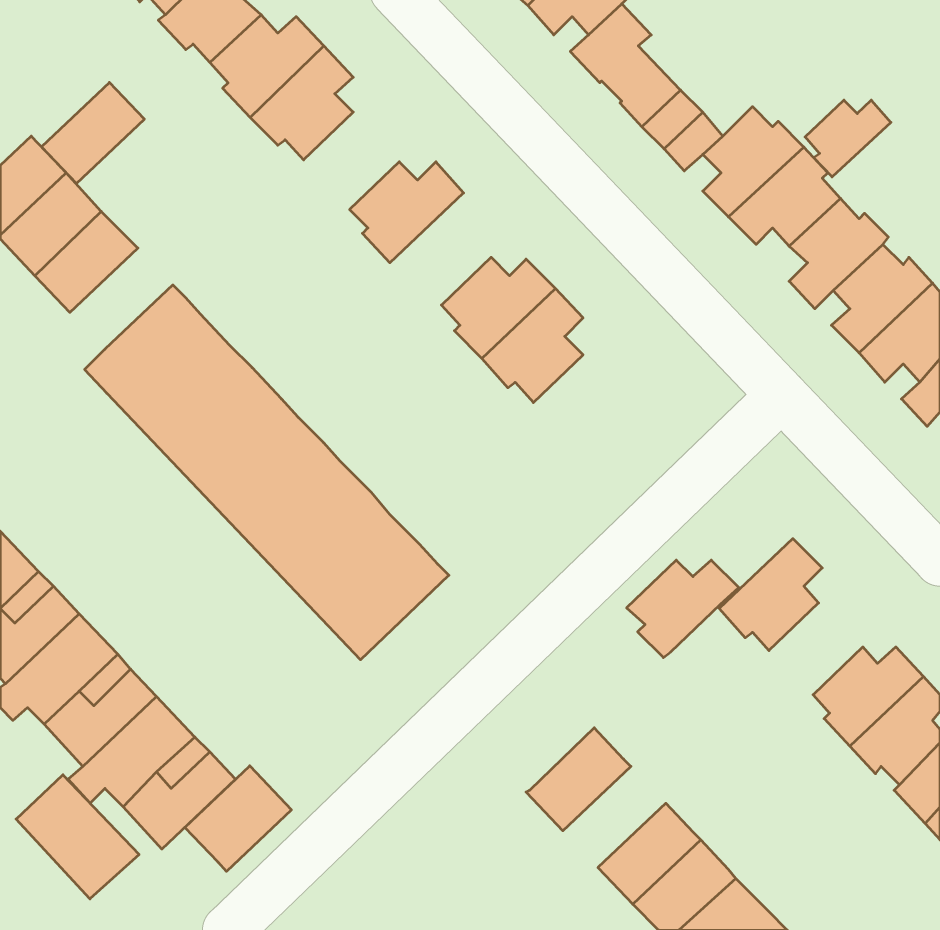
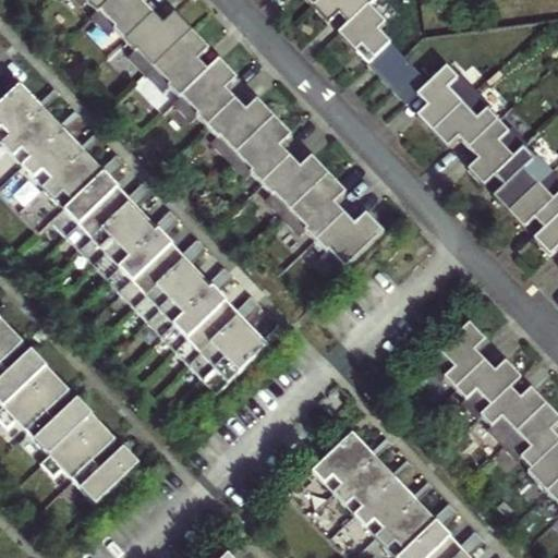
building: [41,82,144,183] -> [41,147,102,207]
building: none -> [177,57,236,124]
building: [805,100,891,177] -> none
building: none -> [231,114,291,181]
building: none -> [316,210,384,271]
building: [627,560,739,658] -> [456,357,522,415]
building: [185,766,291,871] -> none
building: none -> [333,454,395,514]
building: [16,775,139,899] -> none

